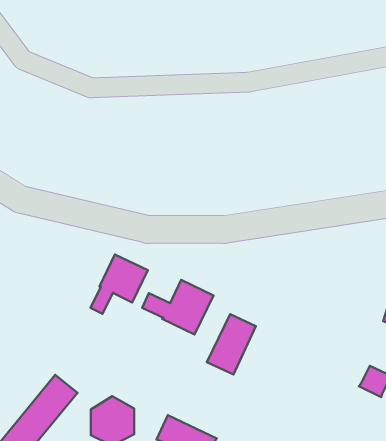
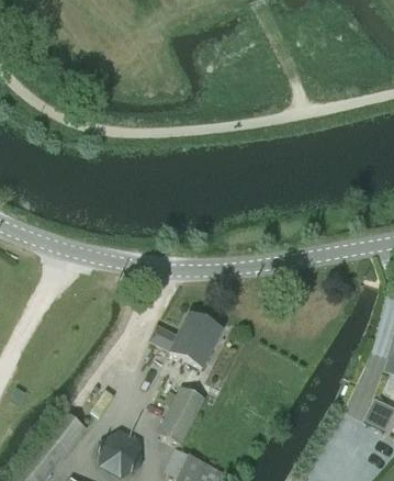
building: [90,254,148,314] -> none
building: [207,314,256,374] -> [156,385,204,445]

